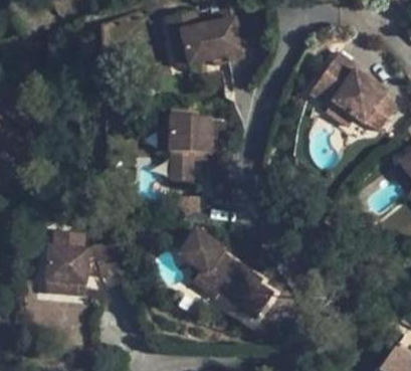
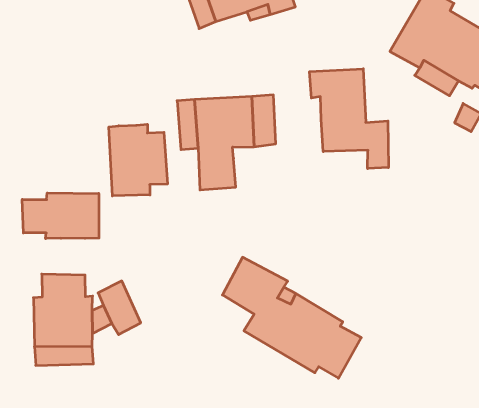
building: none -> [310,69,388,169]
building: none -> [109,124,167,196]
building: none -> [22,193,99,239]

